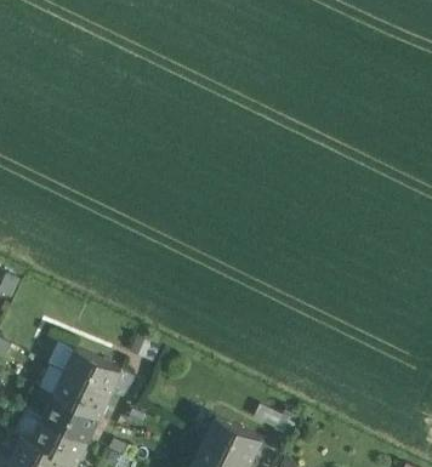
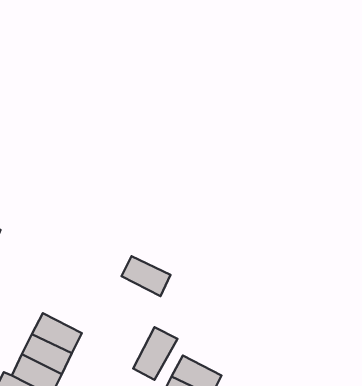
building: [64,349,118,393] -> [122,256,170,296]
building: none -> [133,327,178,380]

